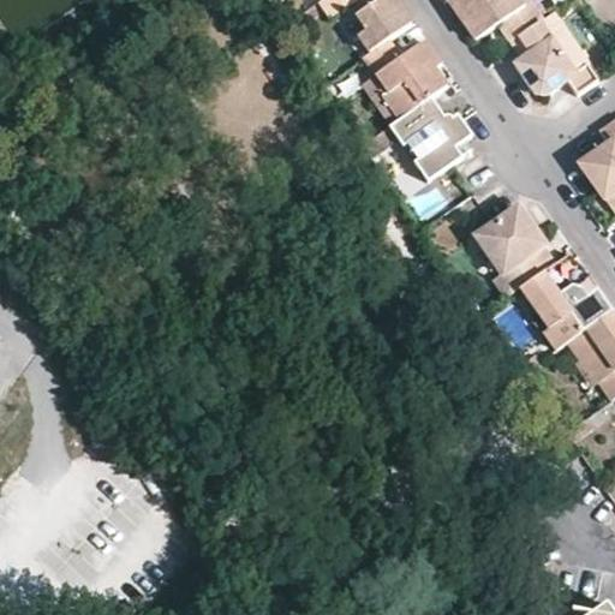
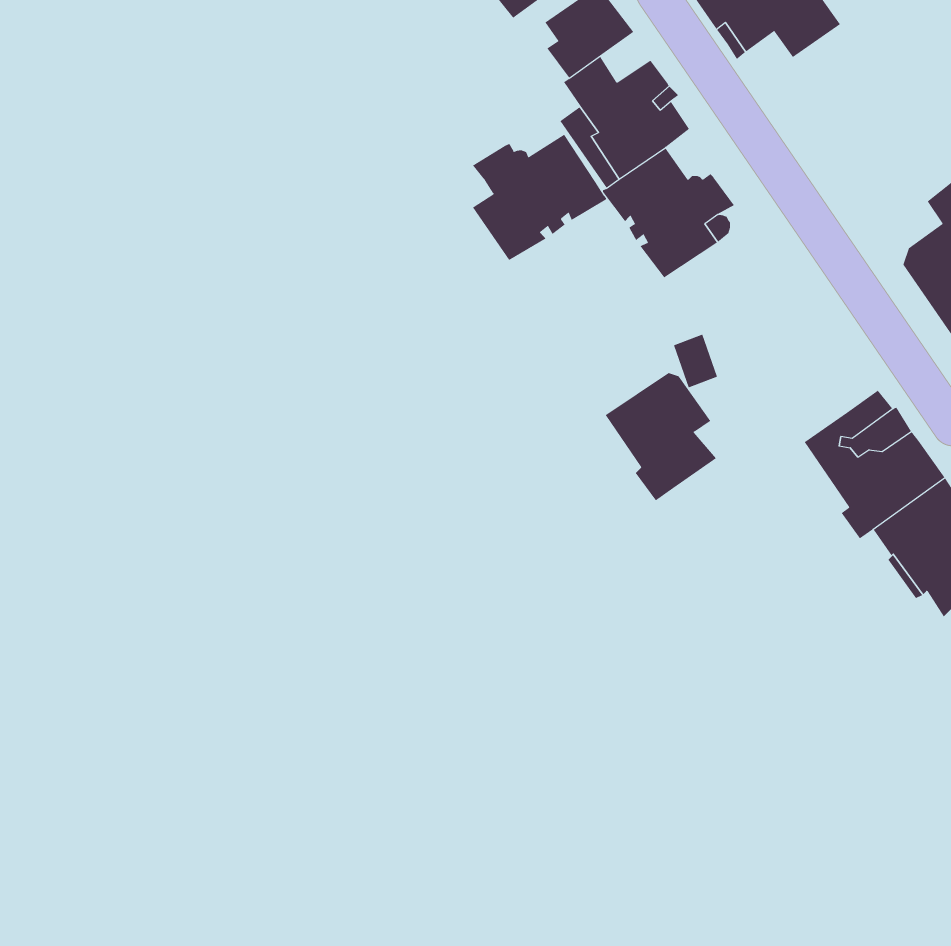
building: [512,11,597,90] -> none
building: none -> [472,134,607,261]
building: [474,210,547,293] -> [605,372,717,501]

